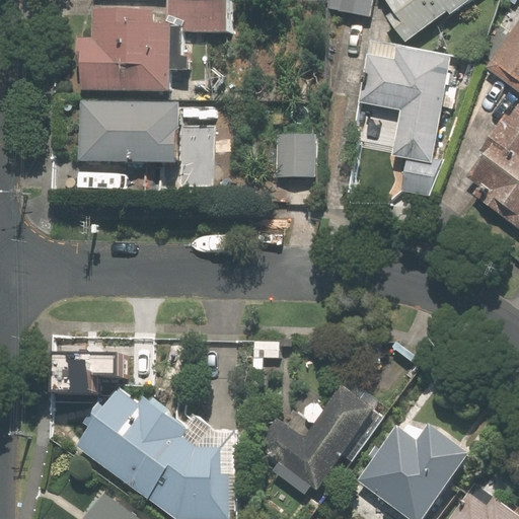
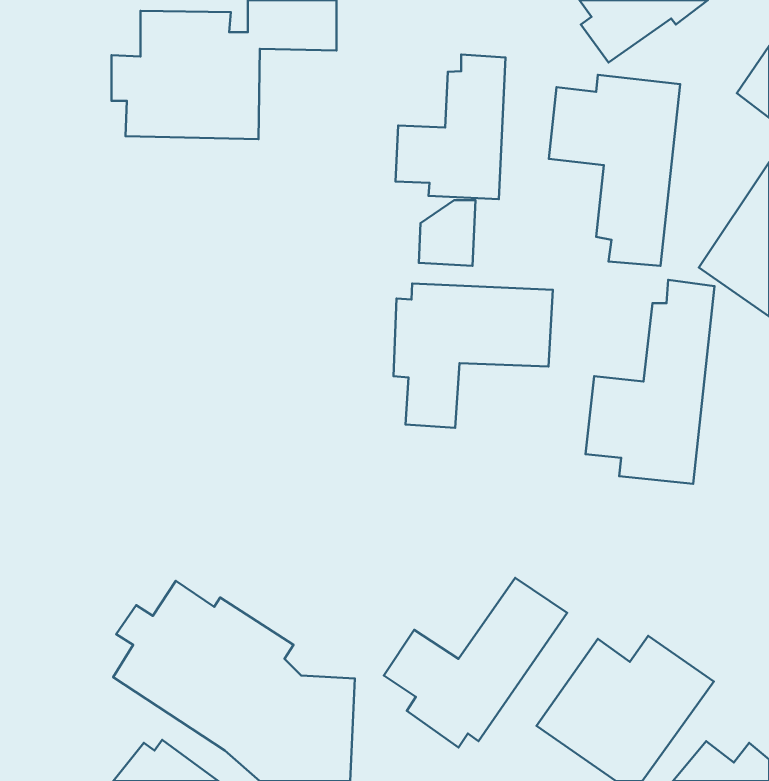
building: none -> [396,55,505,199]
building: [80,100,208,163] -> none
building: none -> [586,280,715,484]
building: none -> [394,283,553,428]

